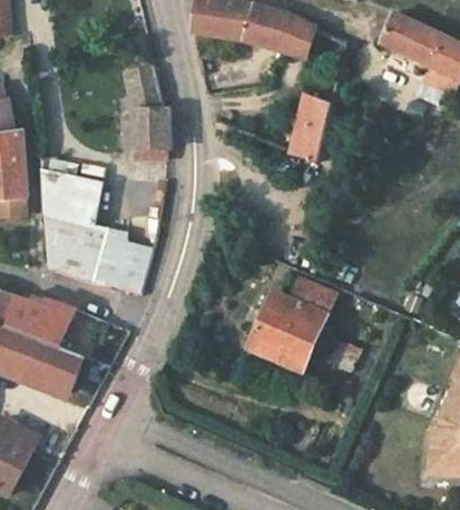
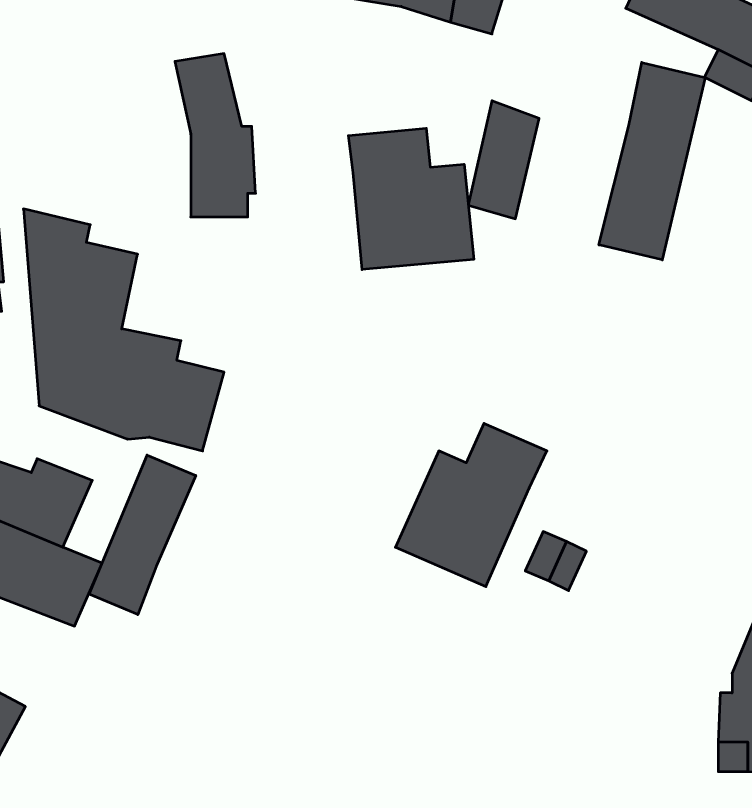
building: none -> [599,62,705,260]
building: none -> [348,128,474,270]
building: none -> [89,455,196,615]

